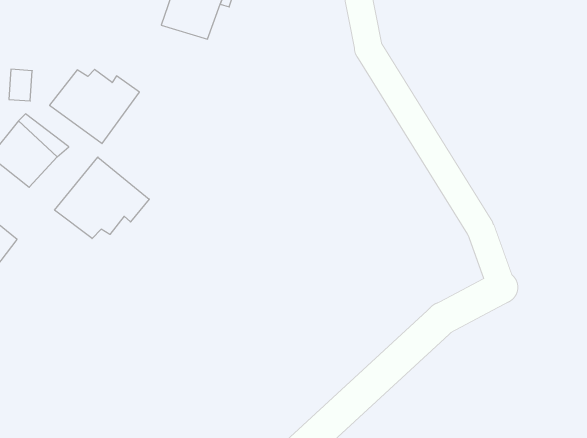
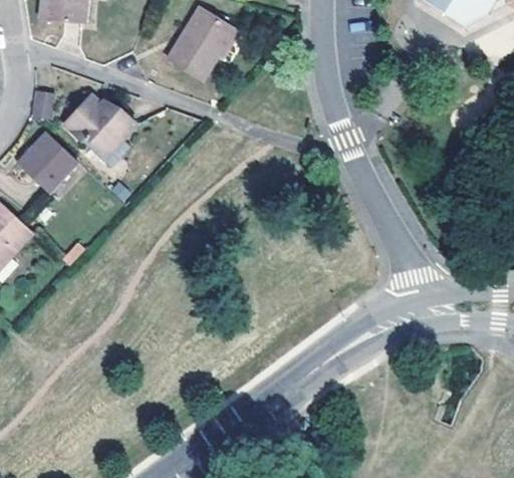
building: [55,157,149,239] -> none

